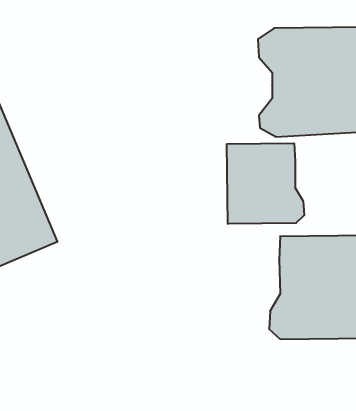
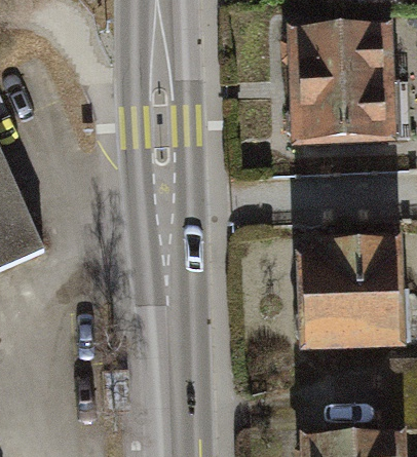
building: [227,143,304,224] -> none

